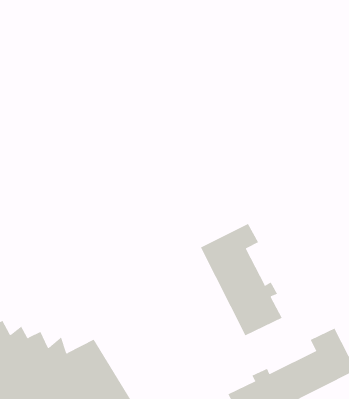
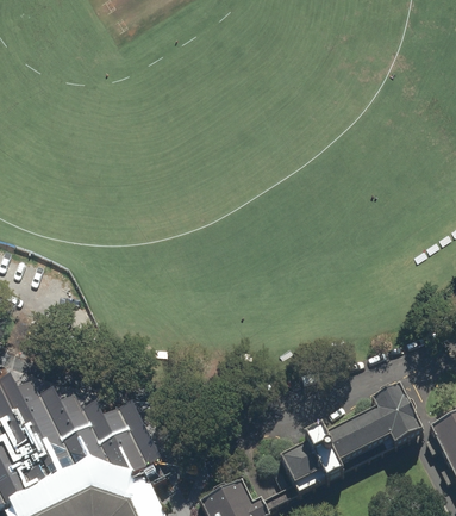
building: [200,223,283,336] -> none

